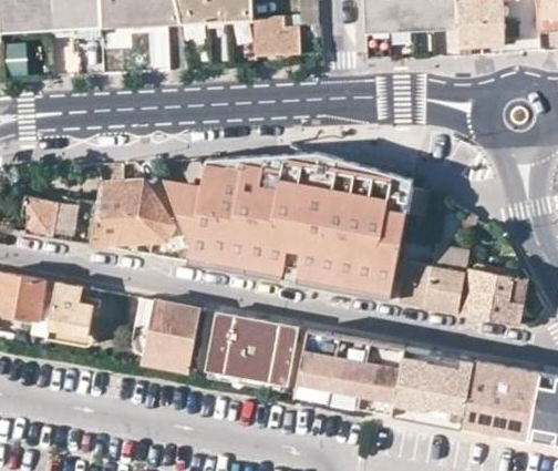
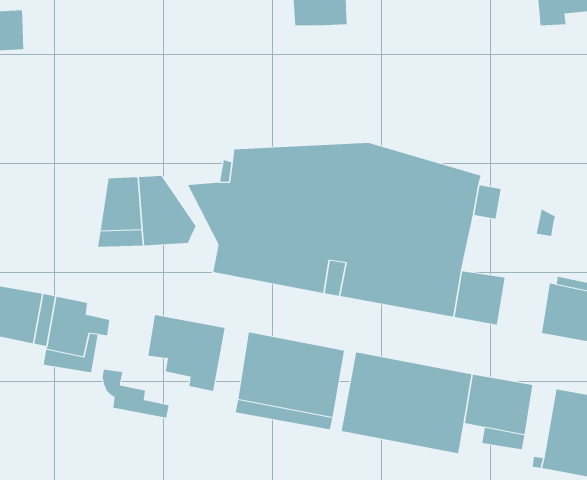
building: [21,196,64,239] -> none
building: [425,244,468,313] -> none
building: [132,332,188,373] -> [102,369,170,418]

